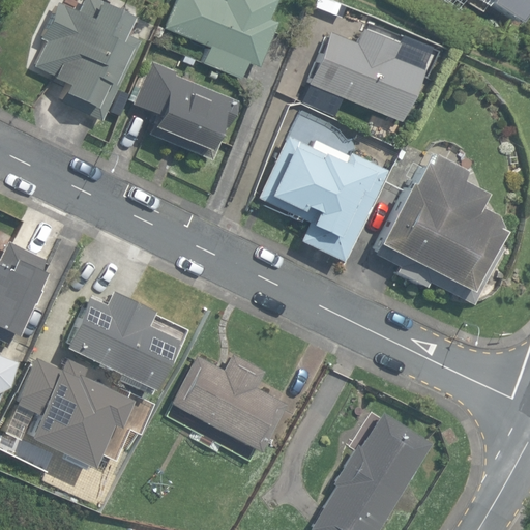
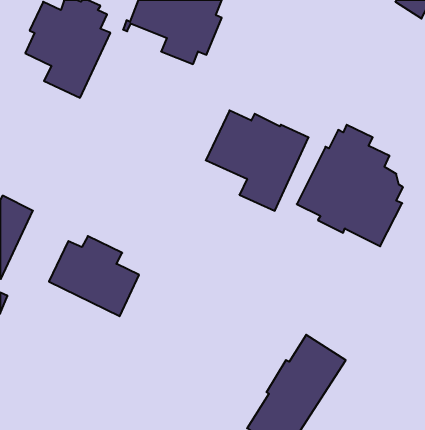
building: [311,29,423,121] -> none
building: [131,62,237,160] -> none
building: [173,354,289,452] -> none
building: [18,357,131,471] -> none

